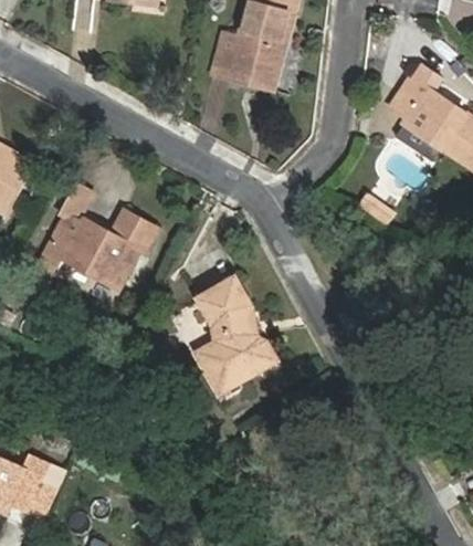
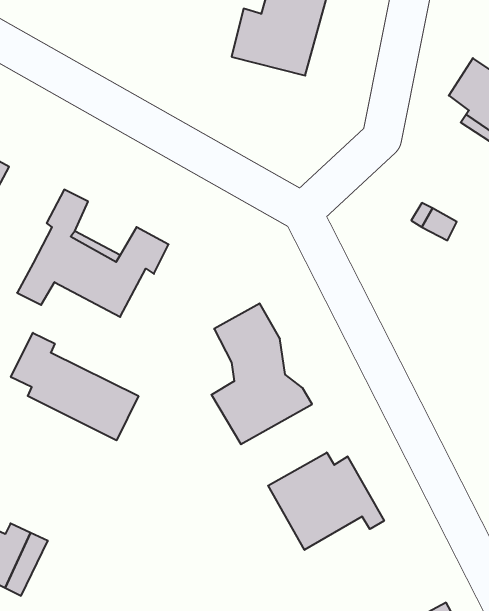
building: none -> [11,333,138,440]
building: none -> [268,452,384,550]

